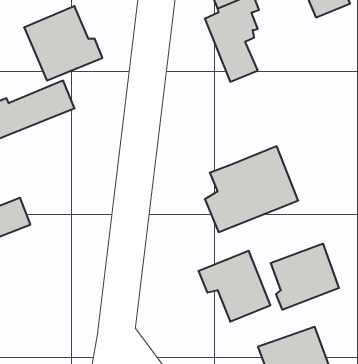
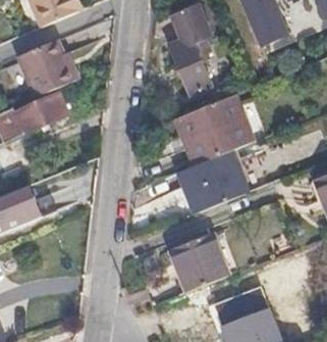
building: none -> [175,95,252,163]
building: [271,244,339,310] -> none

